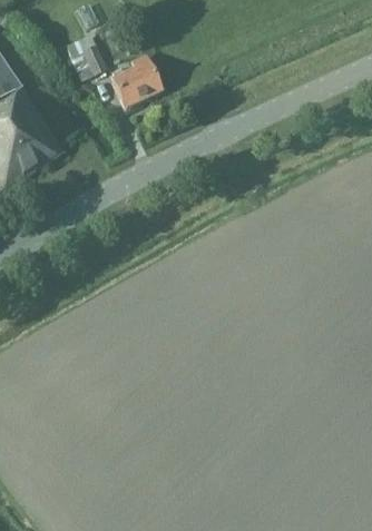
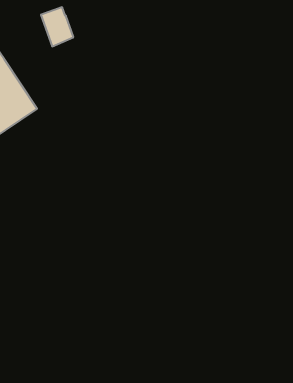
building: [112,52,159,106] -> none

